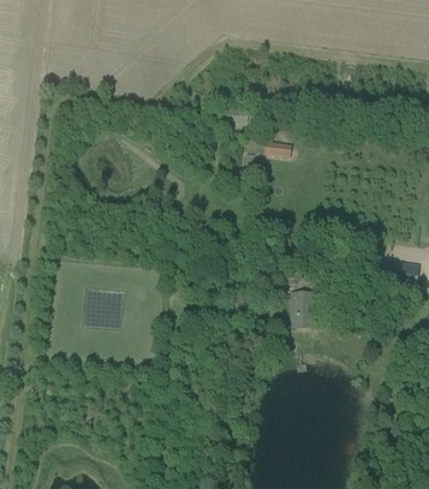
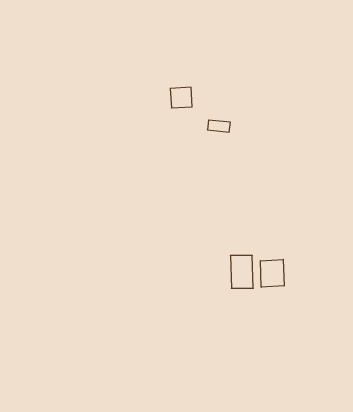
building: none -> [260,259,284,287]

